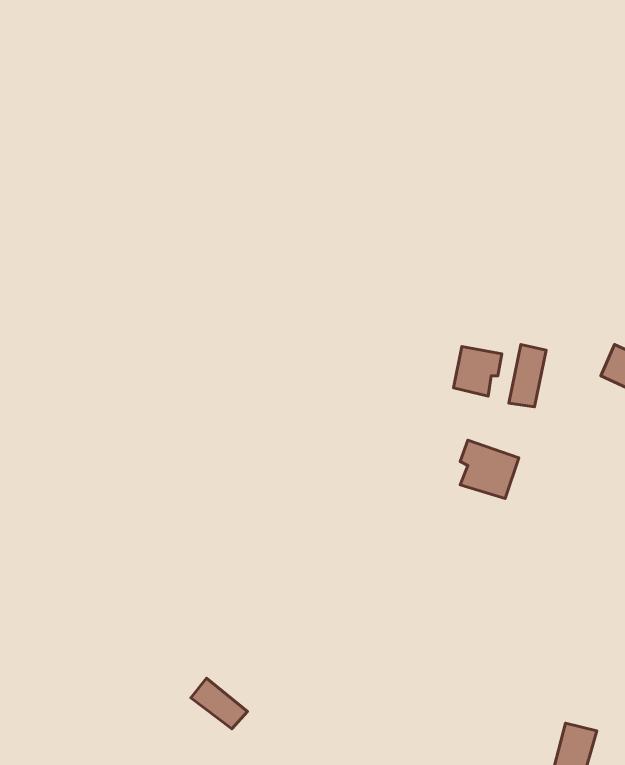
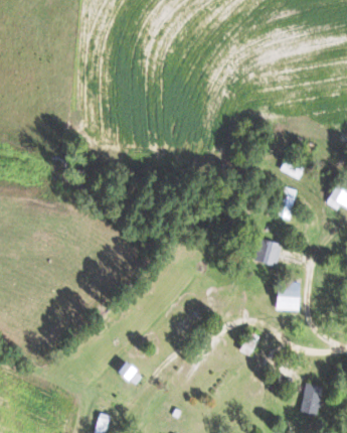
building: [454,347,502,396] -> none
building: none -> [274,282,299,311]

